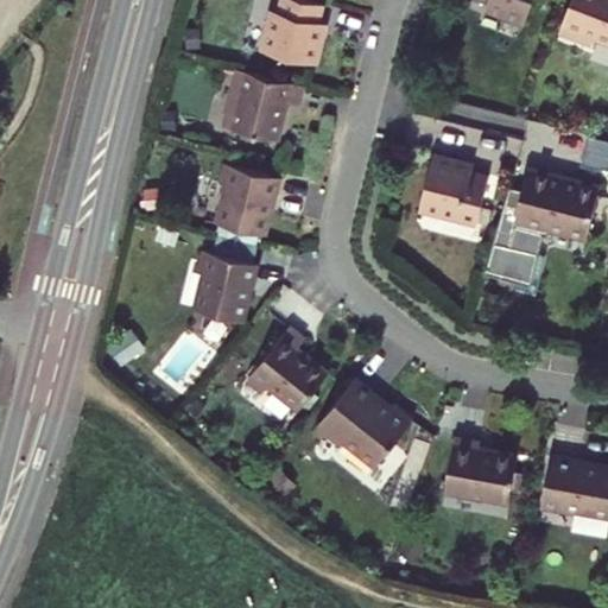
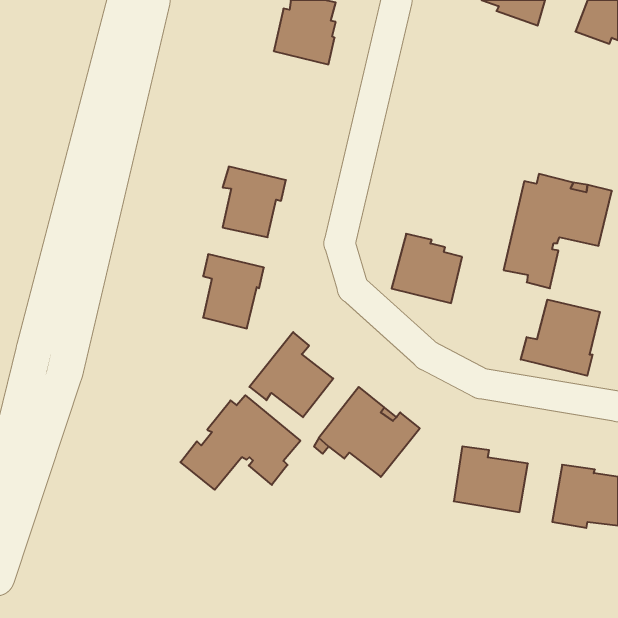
building: [222,70,302,141] -> none
building: [417,162,486,229] -> [392,234,462,303]
building: none -> [521,300,600,376]
building: none -> [180,395,300,490]

